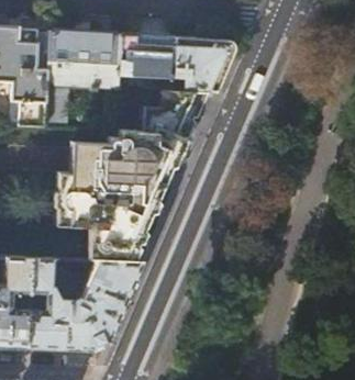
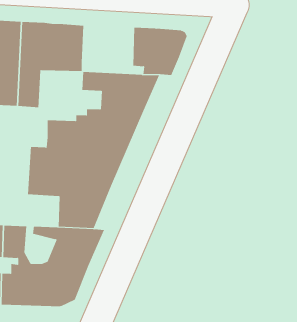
building: [114,35,171,80] -> none

